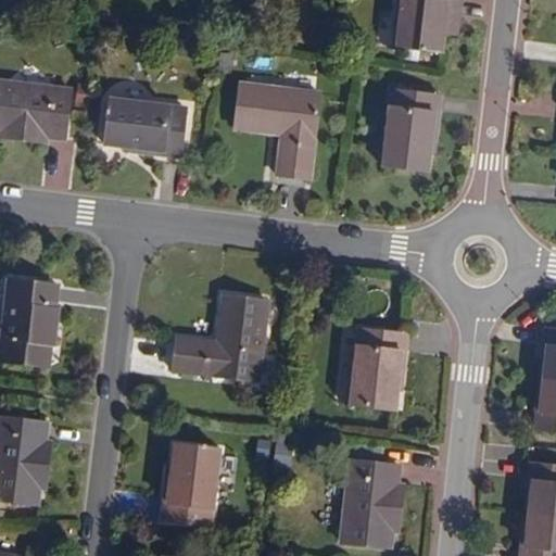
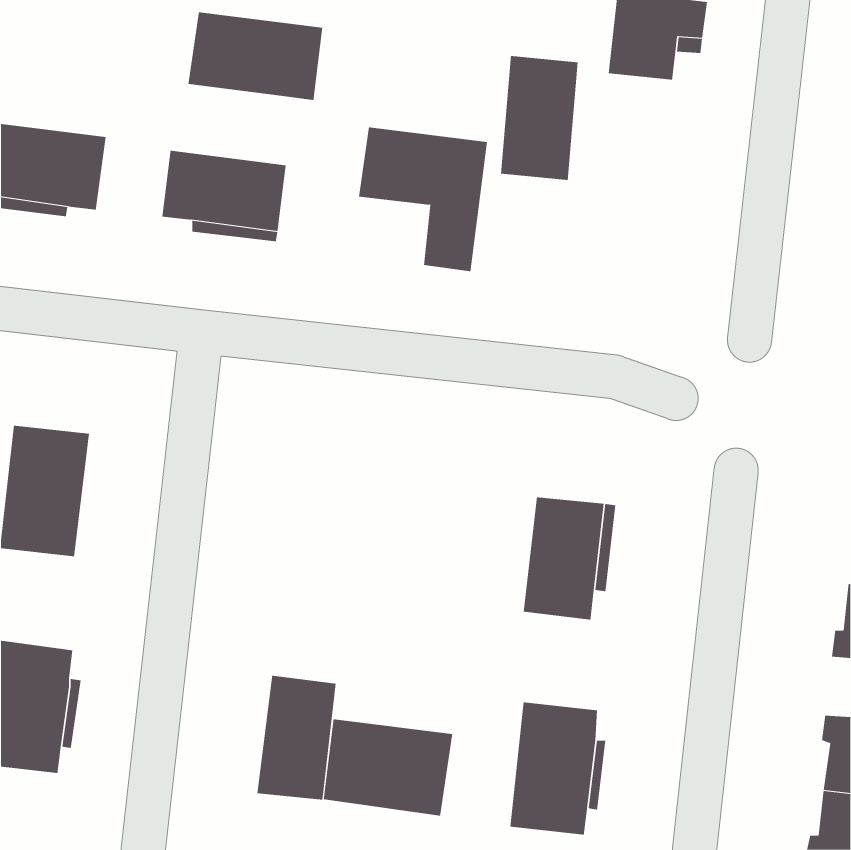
building: none -> [188,12,323,101]
building: [382,89,433,170] -> [500,55,578,180]
building: [175,294,267,377] -> none
building: none -> [323,718,453,817]

